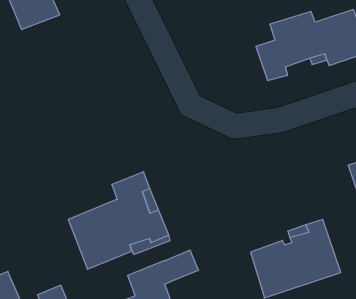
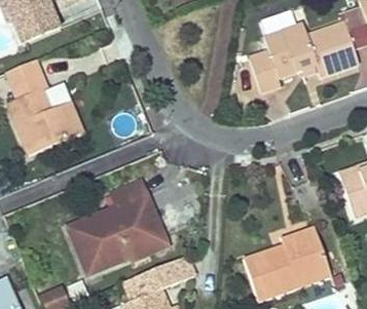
building: none -> [5,59,81,154]

